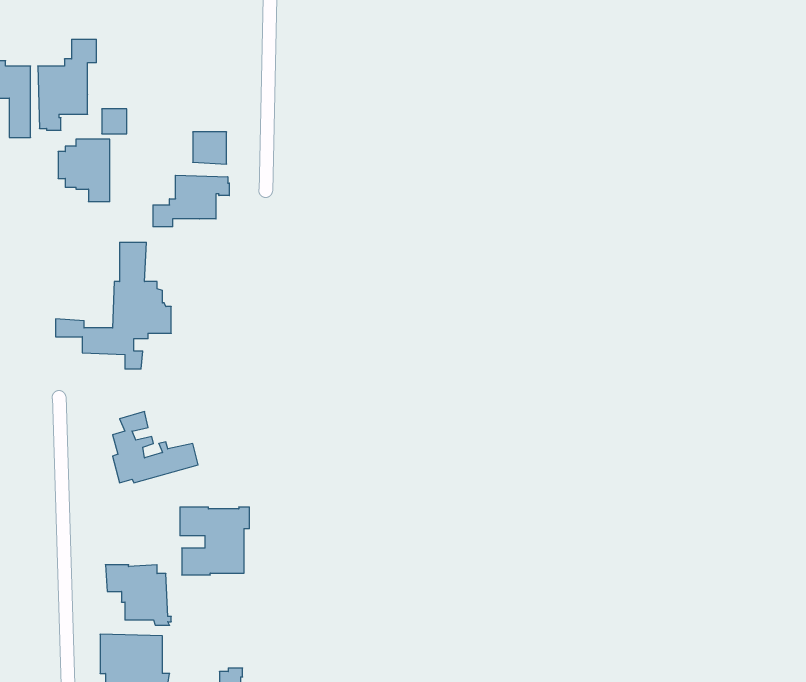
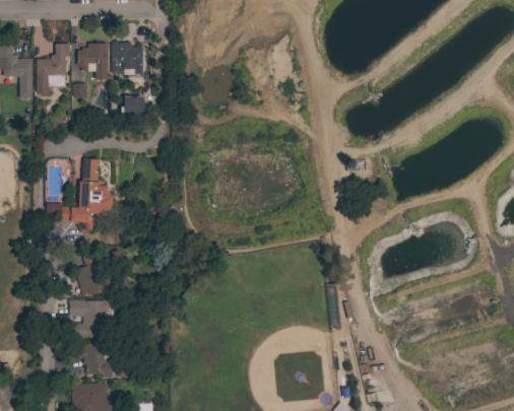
building: none -> [112,43,143,74]
building: [58,139,110,202] -> [78,43,108,78]
building: [153,175,229,227] -> none
building: [180,507,249,575] -> [69,299,109,338]

